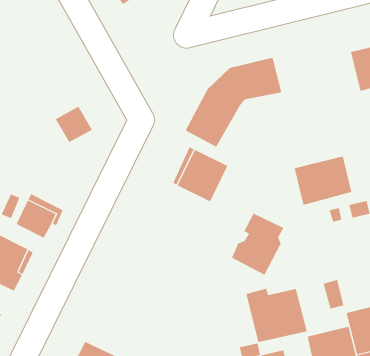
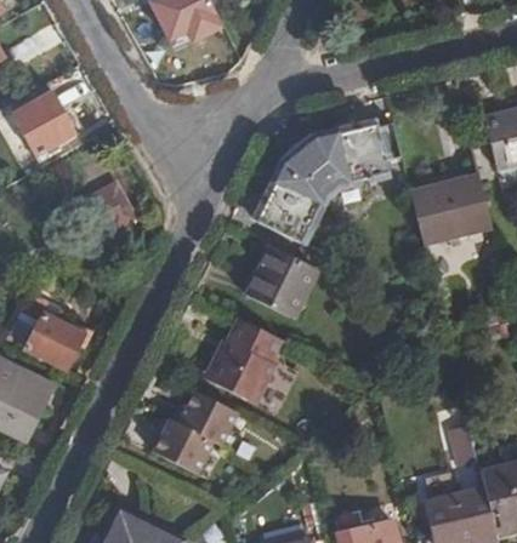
building: none -> [12,95,76,166]
building: [294,156,352,205] -> [413,173,493,241]
building: [231,213,284,275] -> [209,319,282,405]
building: none -> [153,391,240,475]
building: [246,288,307,343] -> none

